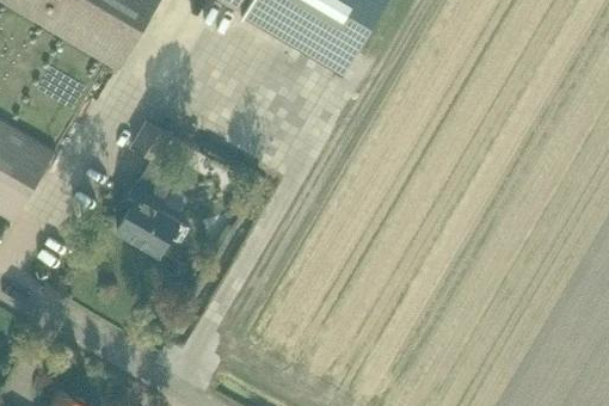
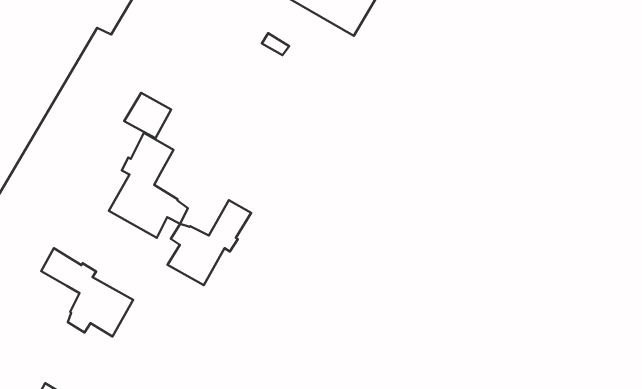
building: none -> [168,200,251,285]
building: none -> [41,248,133,337]

